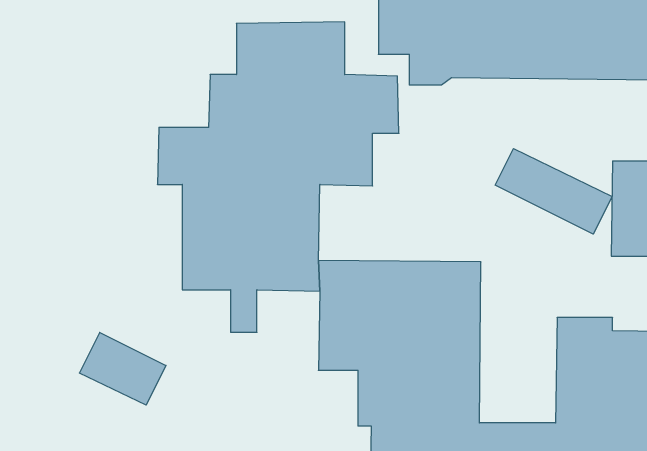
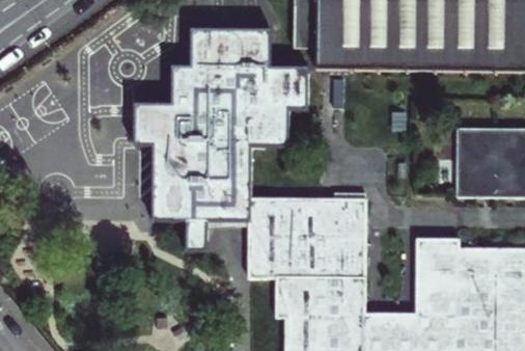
building: [495,149,612,234] -> none
building: [79,332,166,405] -> none

